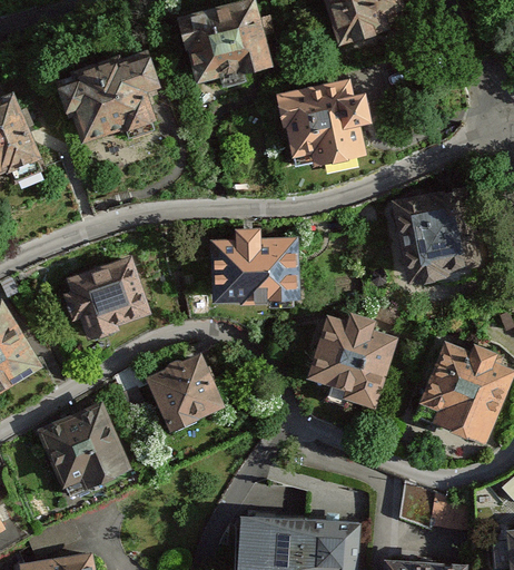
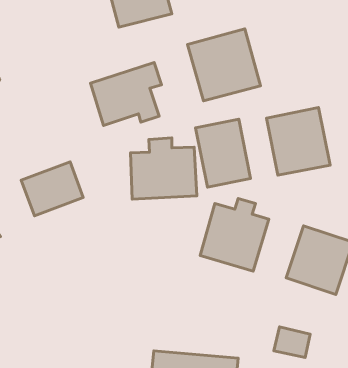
building: [60,52,156,137] -> [90,62,162,125]
building: none -> [195,119,251,187]
building: [144,350,224,432] -> none
building: [41,400,131,493] -> none

